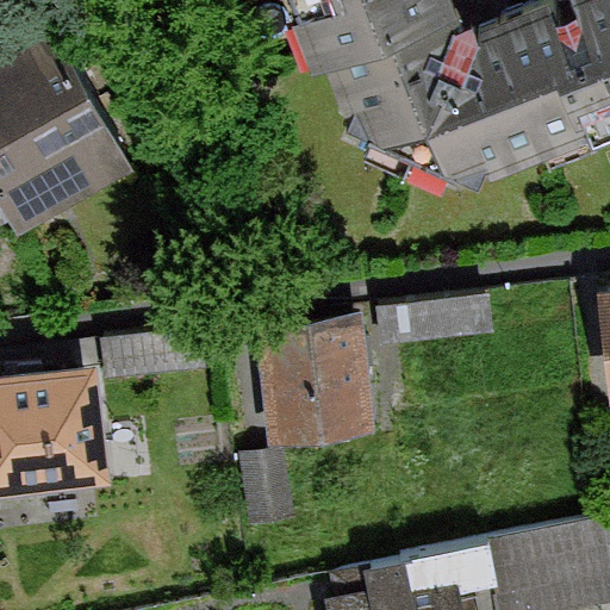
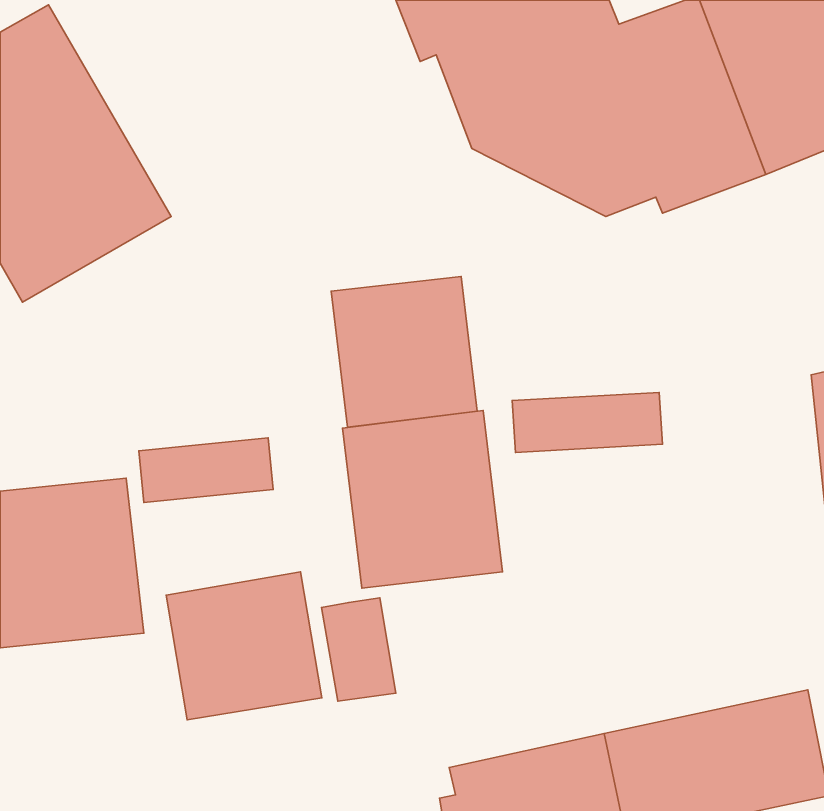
building: none -> [331,276,477,427]
building: none -> [166,572,322,720]

